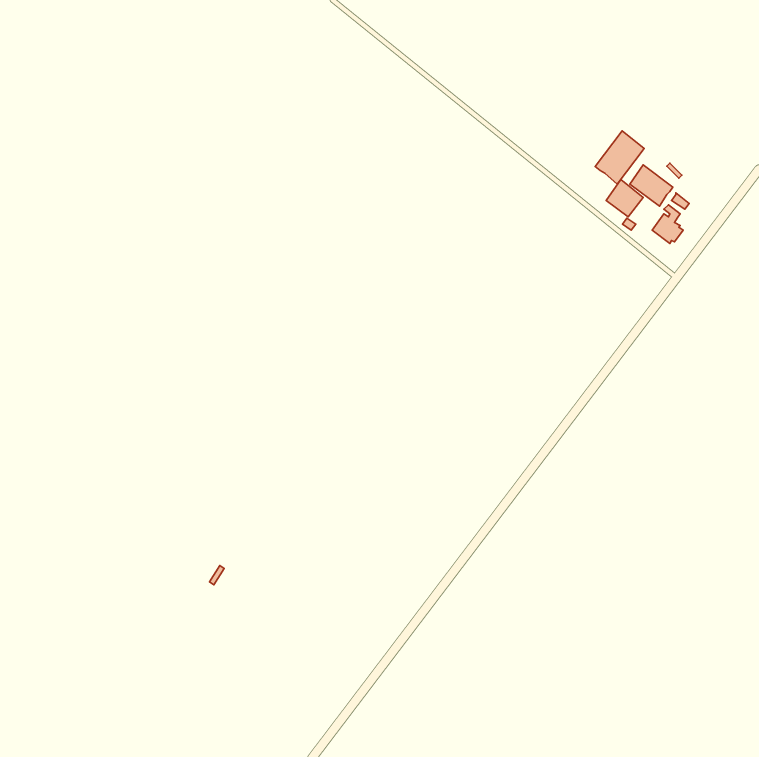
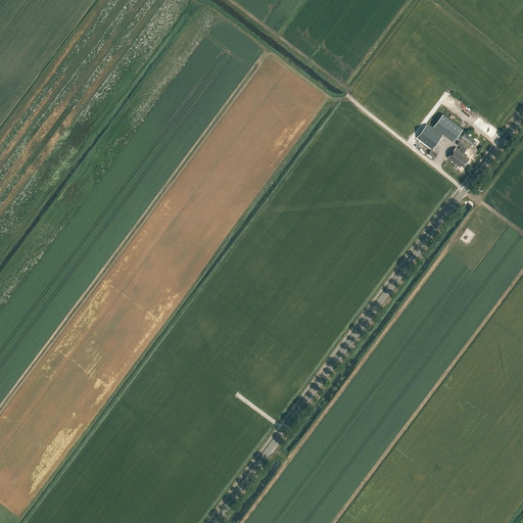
building: [595,131,644,184] -> none

